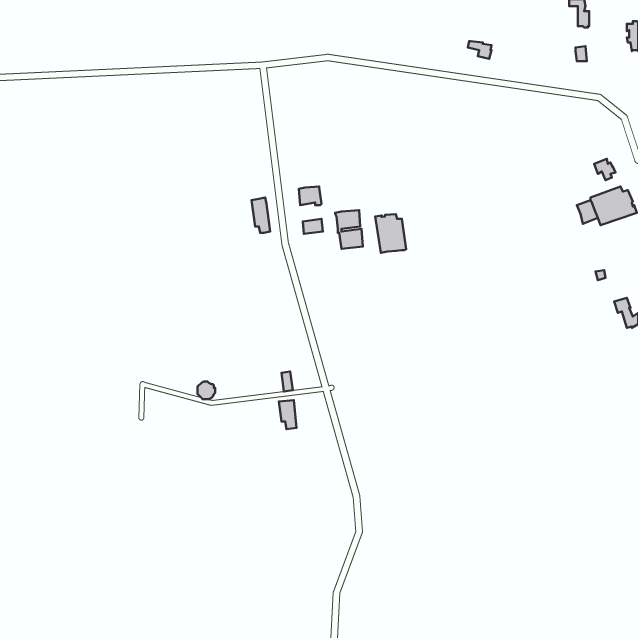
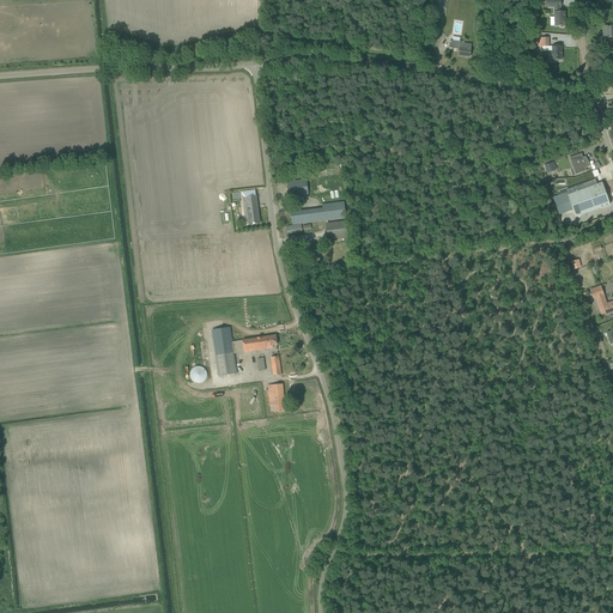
building: [375,214,406,253] -> none
building: none -> [211,326,277,375]

